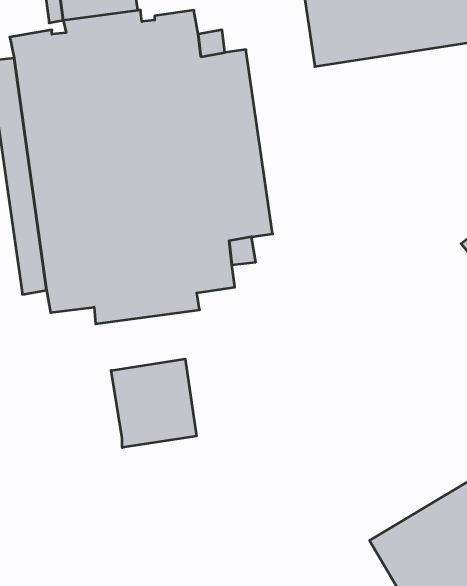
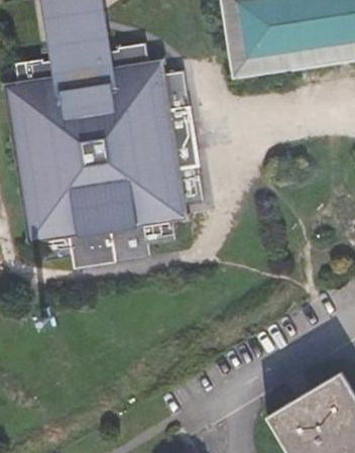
building: [111,359,196,448] -> none

